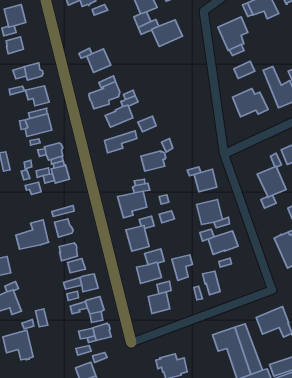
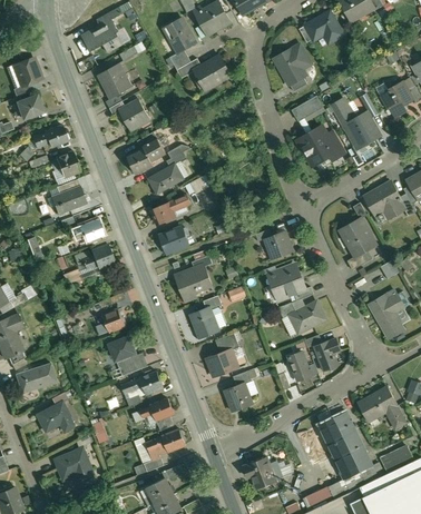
building: none -> [98,65,135,99]
building: [141,151,166,171] -> [159,227,189,254]
building: [16,220,49,249] -> none
building: [172,255,193,280] -> [314,339,340,372]

